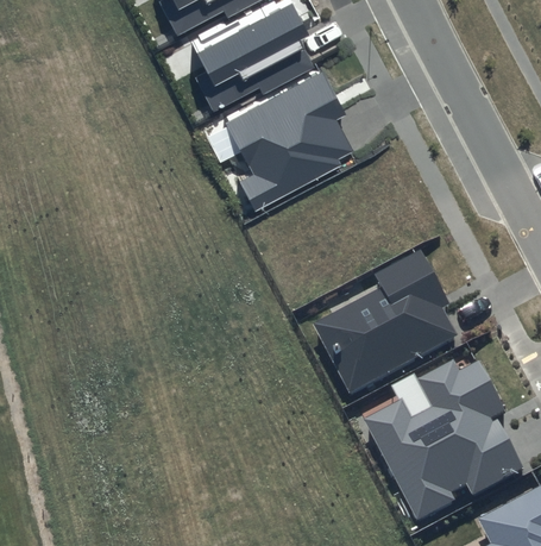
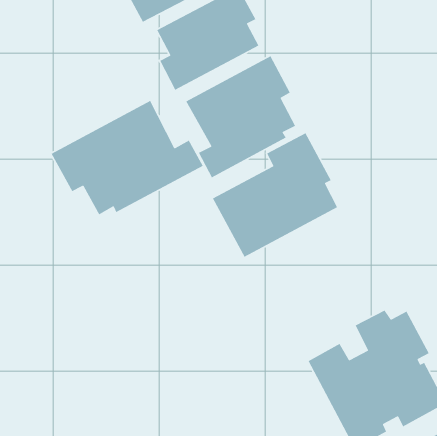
building: none -> [51,100,204,215]
building: [313,250,457,393] -> [212,132,338,258]

